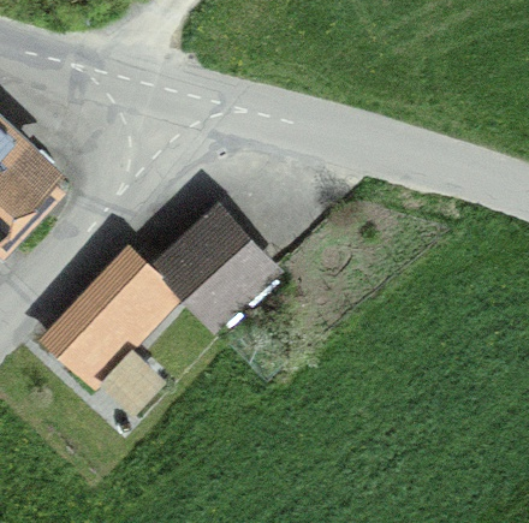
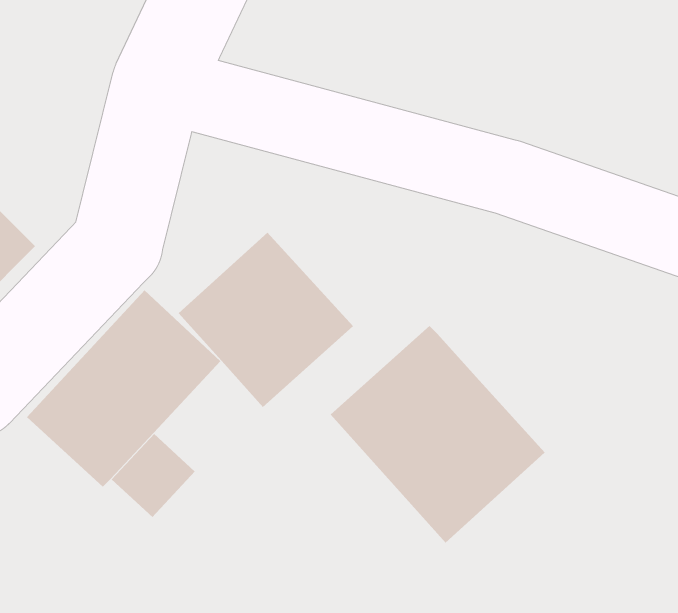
building: none -> [330,325,546,543]

